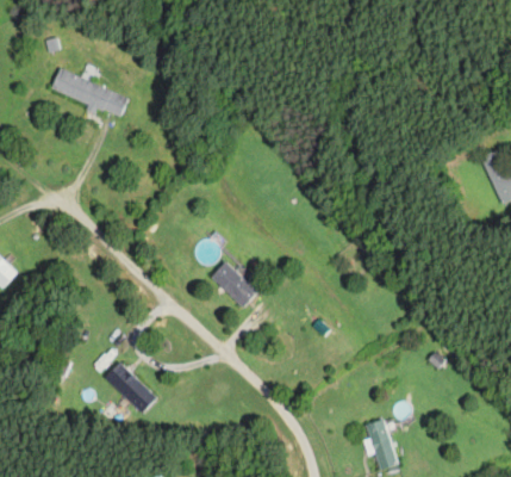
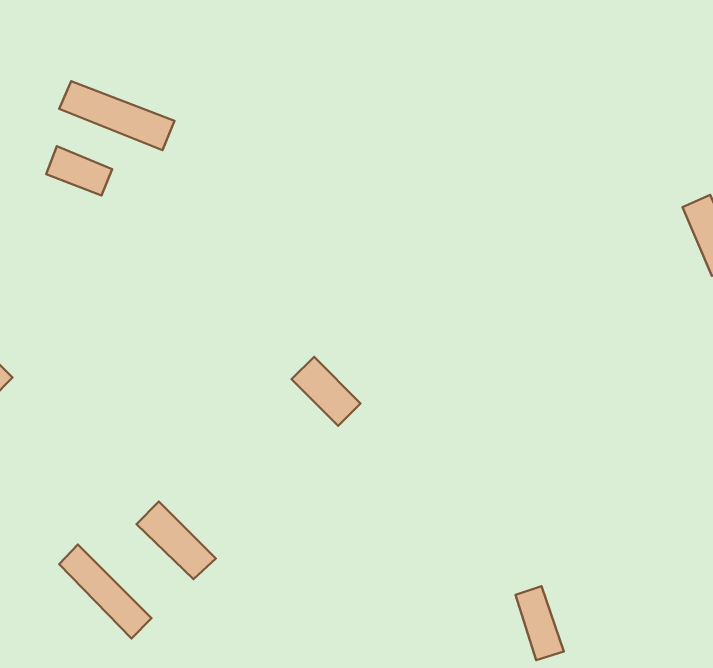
building: none -> [46,146,112,195]
building: none -> [59,545,151,639]

